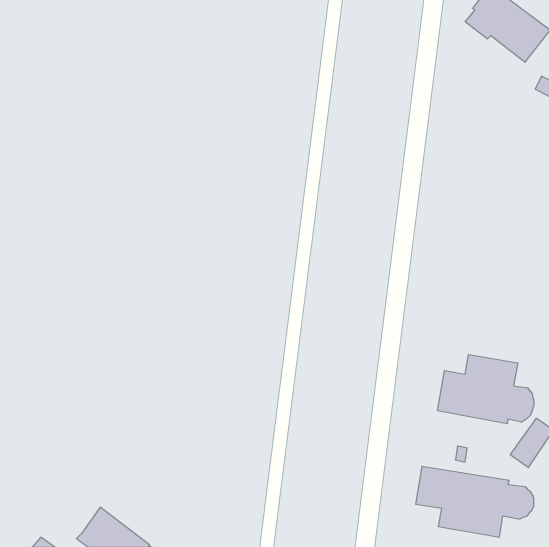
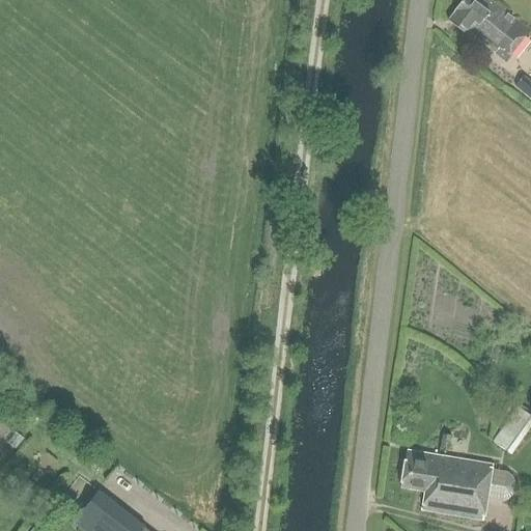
building: [437,355,534,424] -> none

